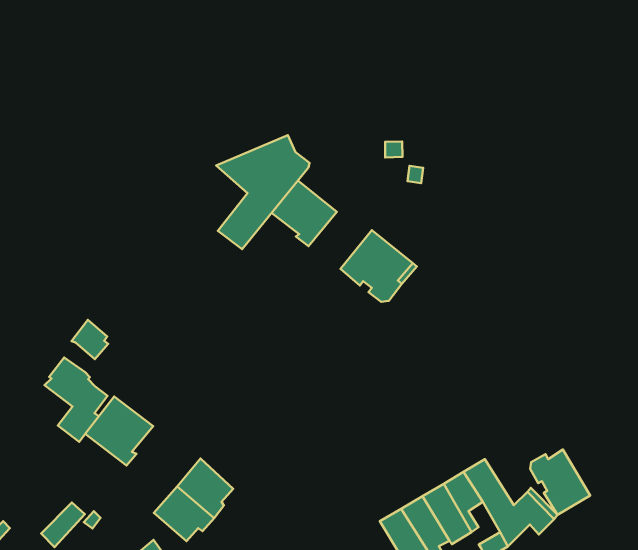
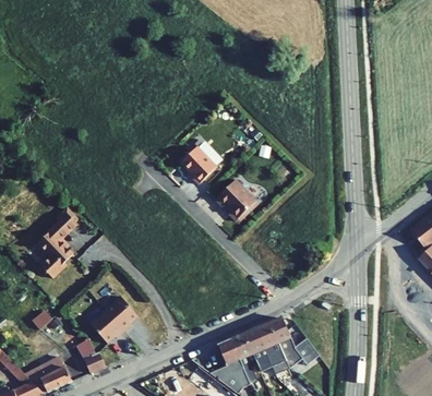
building: [216,135,310,249] -> none
building: [85,396,153,466] -> none
building: [530,449,590,515] -> none

